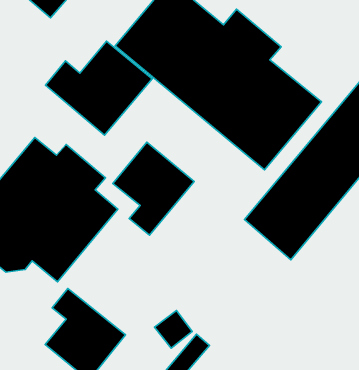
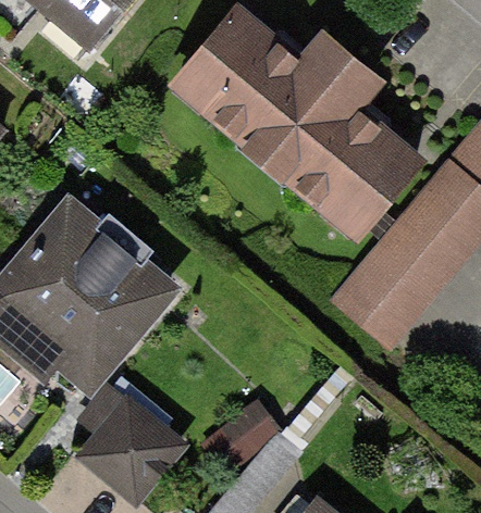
building: [45,41,152,135] -> none
building: [113,142,194,235] -> none

